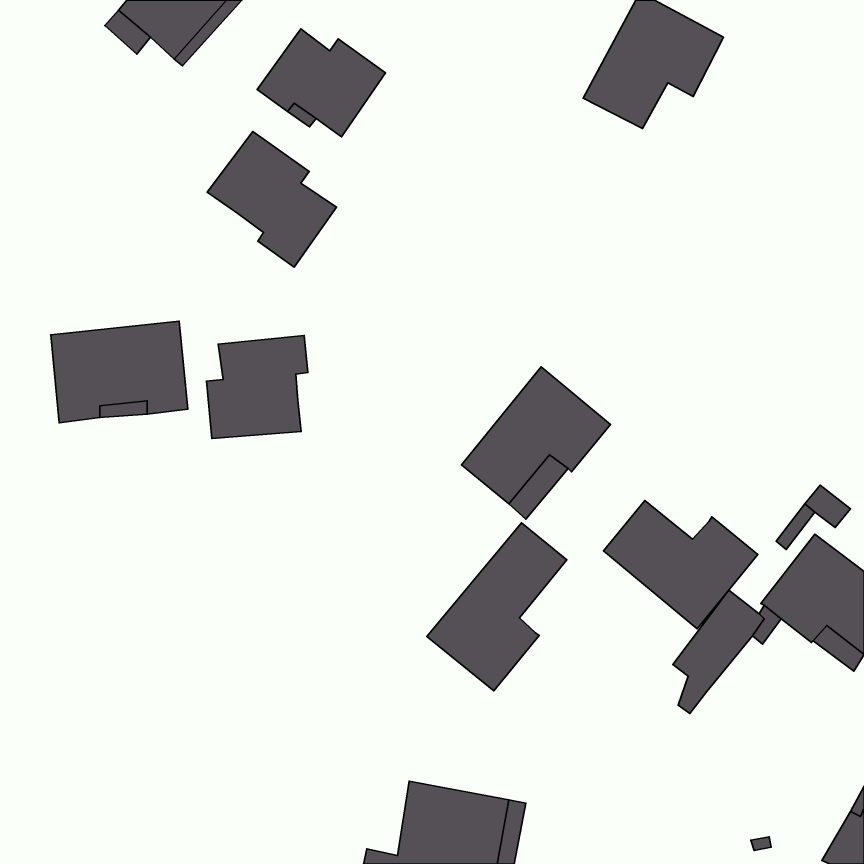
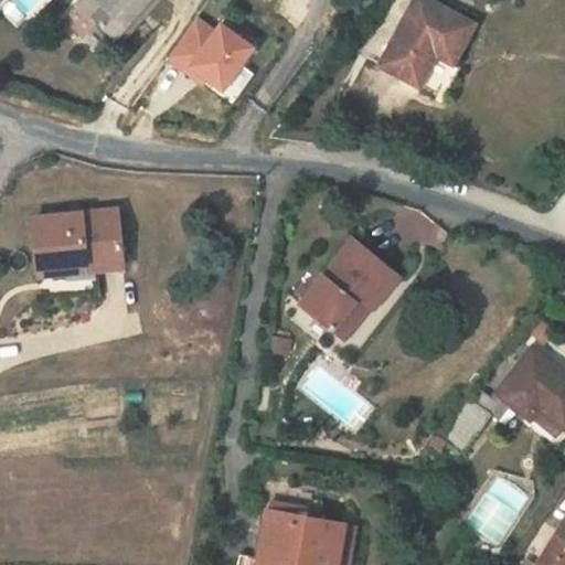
building: [207,131,336,267] -> none
building: [206,336,308,439] -> none
building: [603,500,758,629] -> none
building: [427,523,567,691] -> none

